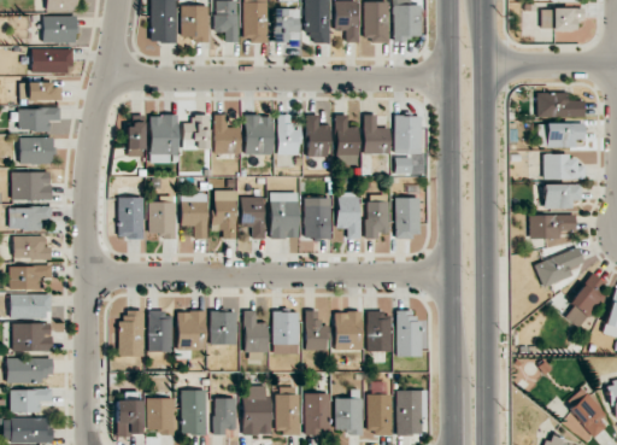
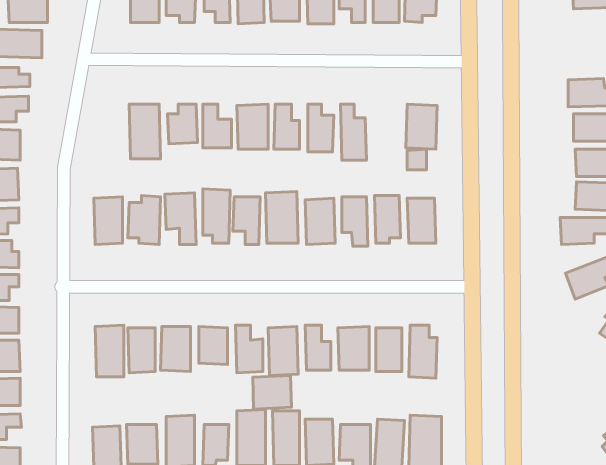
building: [364,115,389,154] -> none
building: [127,122,145,153] -> none
building: none -> [253,375,291,409]

